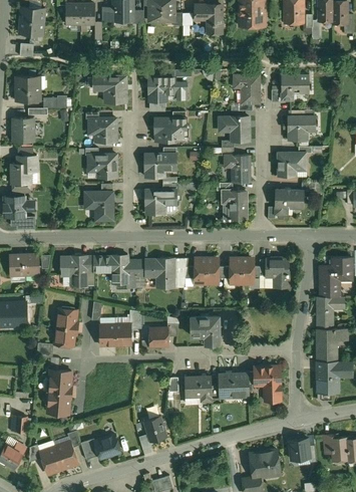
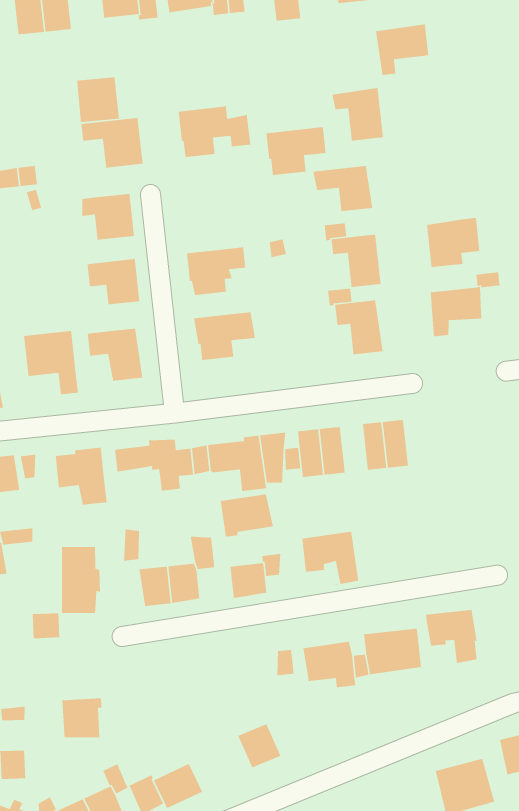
building: none -> [76,76,120,123]
building: [281,74,309,100] -> [375,23,429,76]
building: [288,116,316,141] -> none
building: [154,117,187,142] -> [266,126,326,176]
building: none -> [23,330,79,395]
building: [266,259,289,287] -> none
building: none -> [220,493,274,537]
building: [49,370,72,393] -> none

